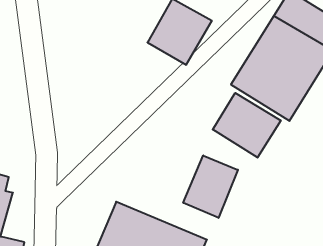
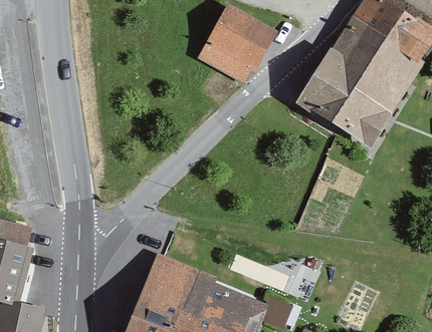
building: [213,93,281,158] -> none
building: [183,155,238,218] -> none

